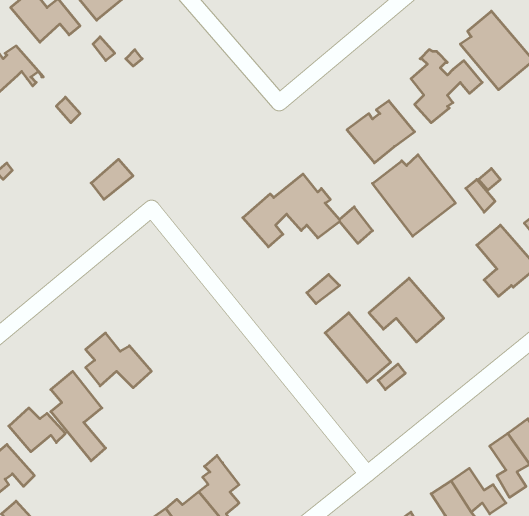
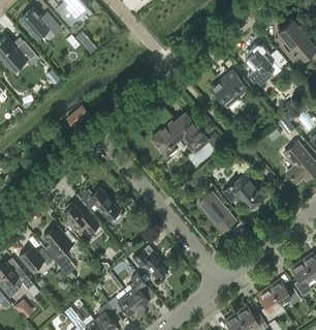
building: [372,155,455,236] -> none
building: none -> [81,188,120,220]
building: none -> [133,249,168,278]

